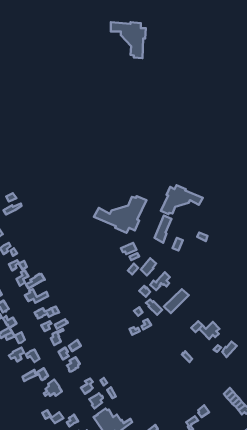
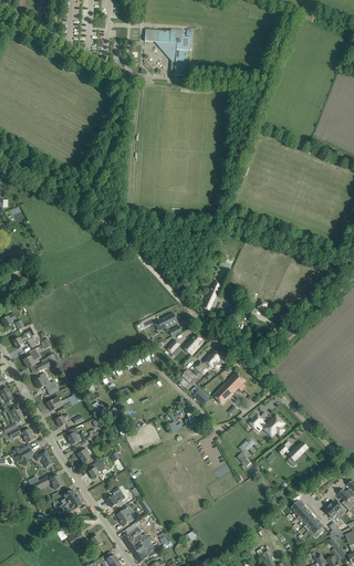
building: [161,185,203,214] -> none
building: [94,196,146,233] -> none

